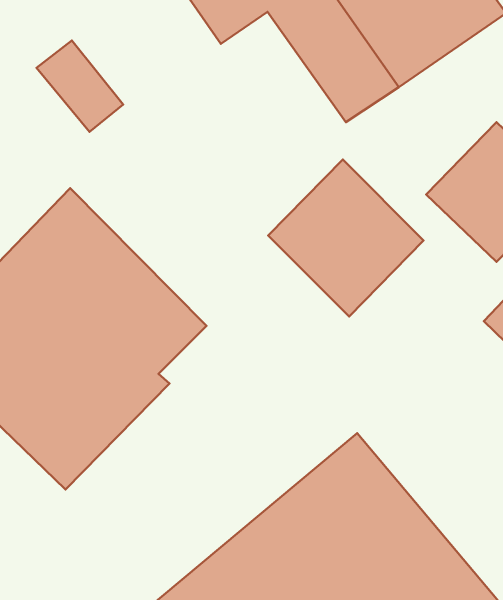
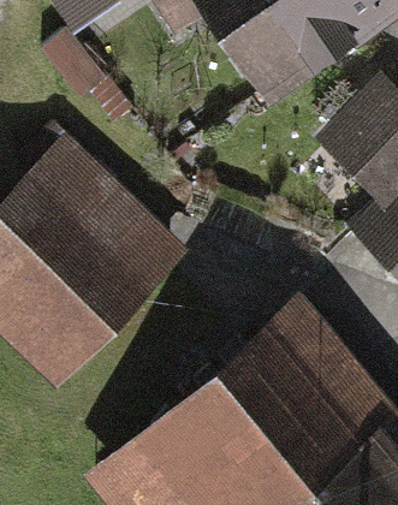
building: [268,160,423,316] -> none

